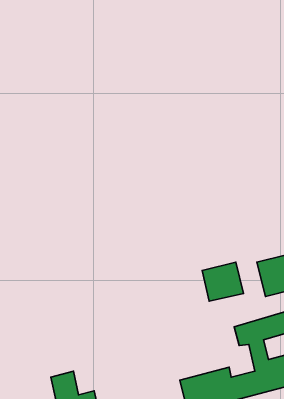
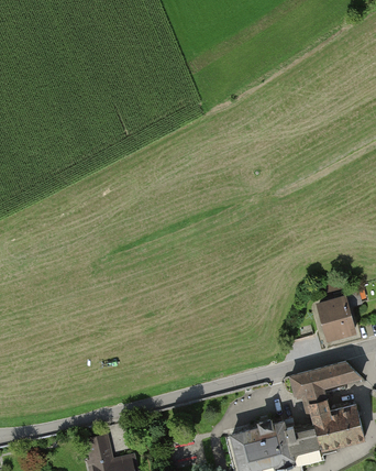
building: [202,262,243,301] -> none

